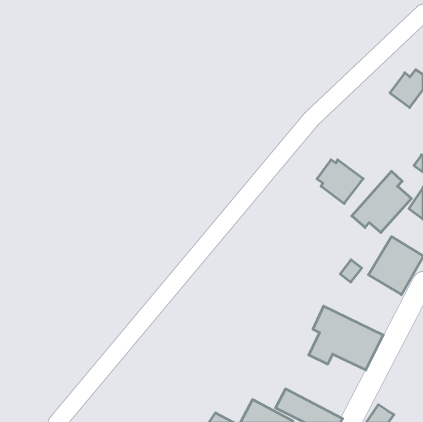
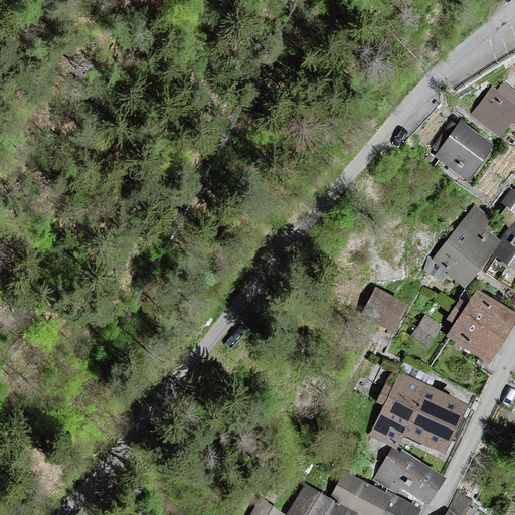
building: [317,160,363,204] -> [435,124,491,177]
building: none -> [365,290,405,331]
building: none -> [378,449,441,502]

